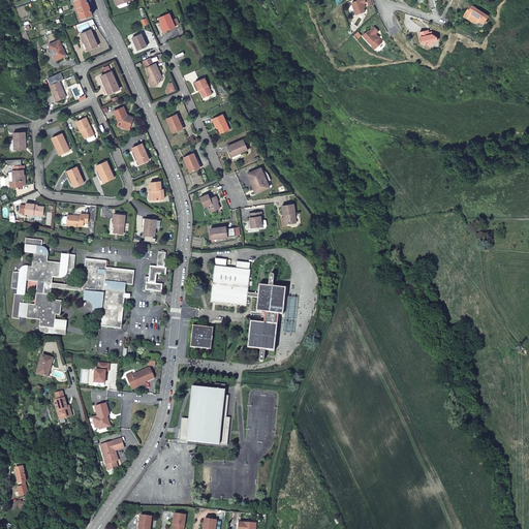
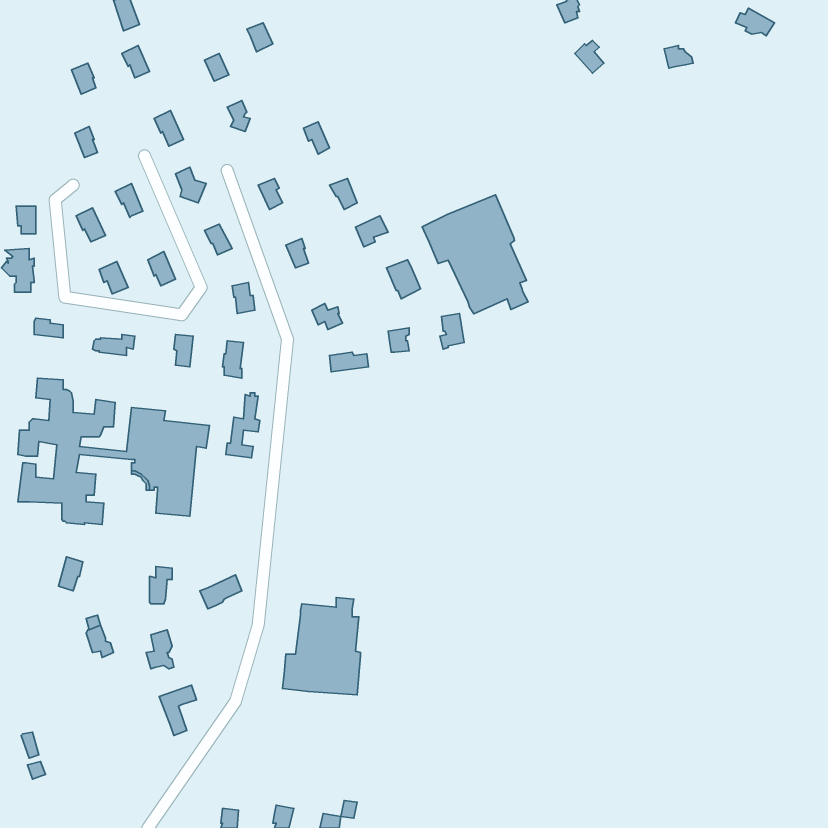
building: none -> [422,195,528,314]
building: [210,258,286,361] -> none
building: [191,324,214,348] -> none

